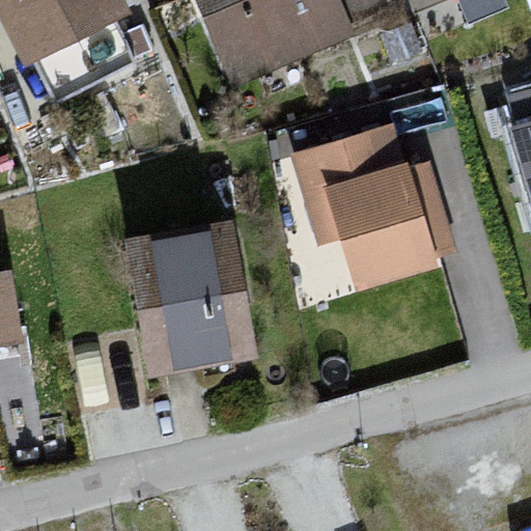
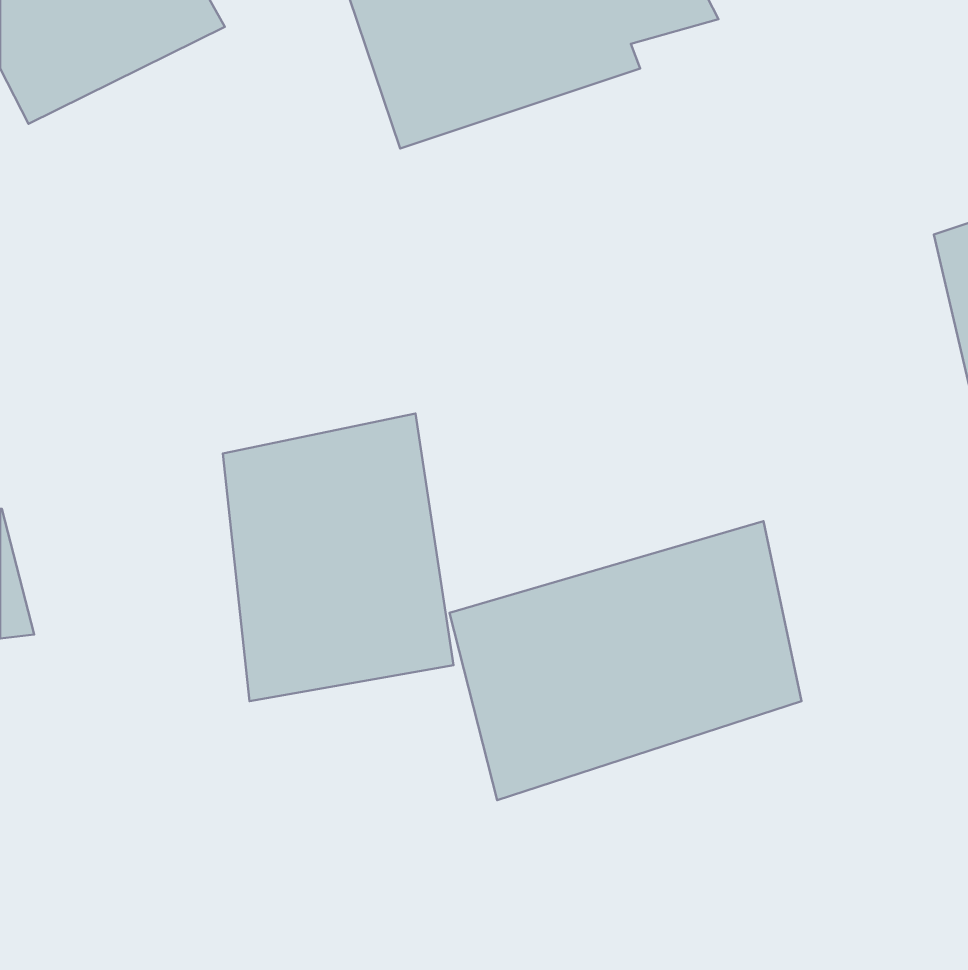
building: [299,120,459,285] -> none
building: none -> [450,521,802,800]

